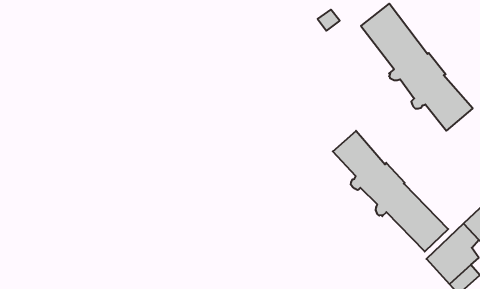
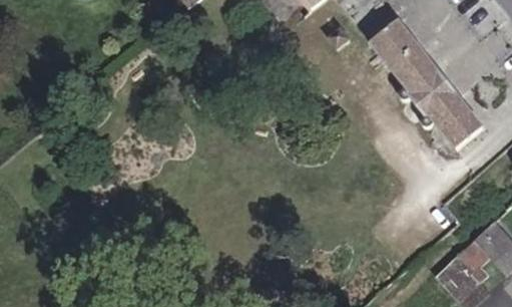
building: [333,131,448,252] -> none

